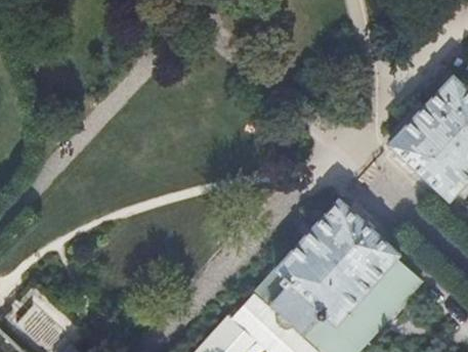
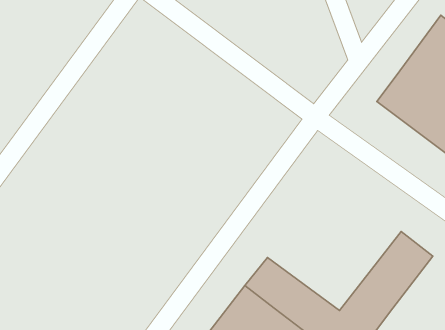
building: [279,200,400,322] -> none

